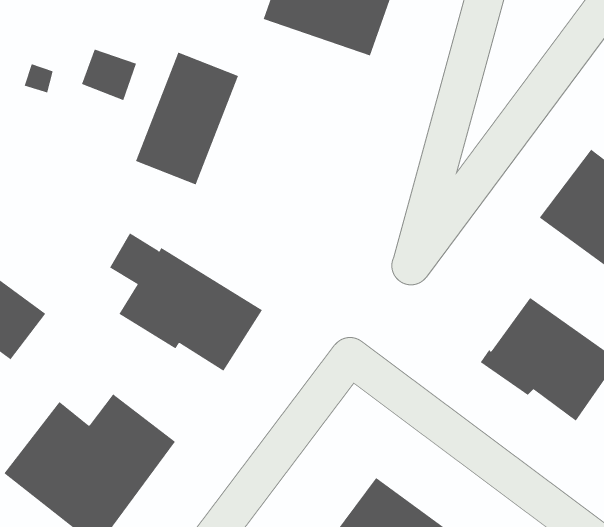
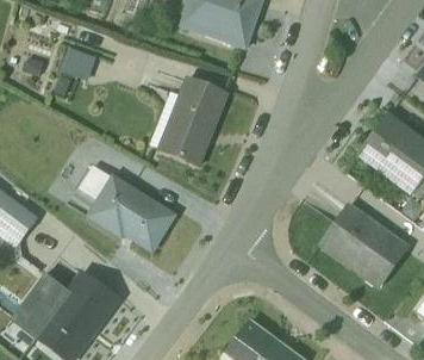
building: [135,52,239,185] -> [160,79,226,165]

